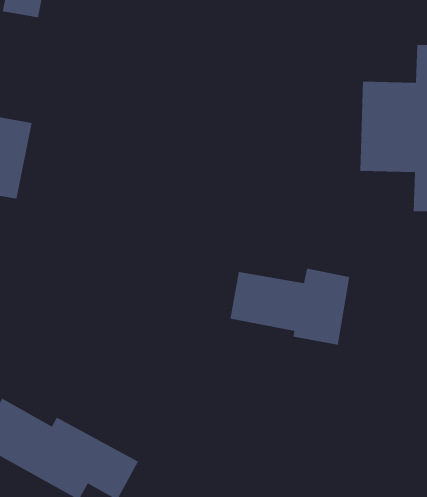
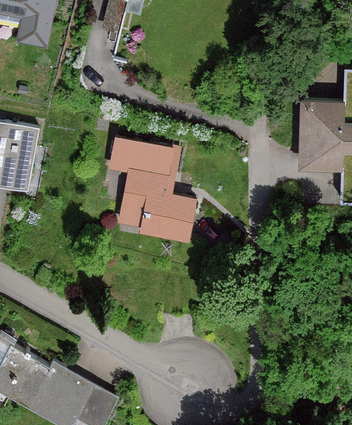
building: none -> [109,136,198,238]
building: [230,268,350,346] -> none

